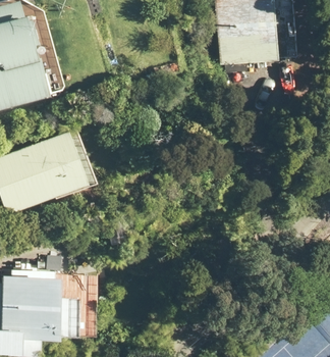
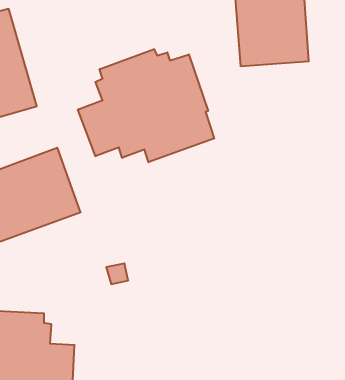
building: none -> [78,49,214,162]

